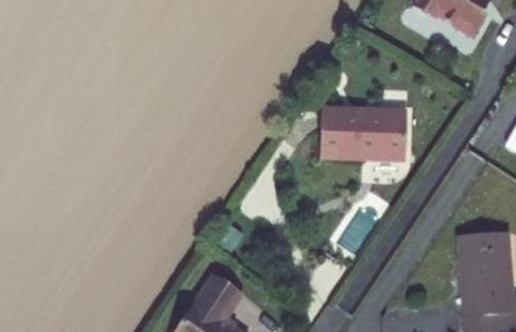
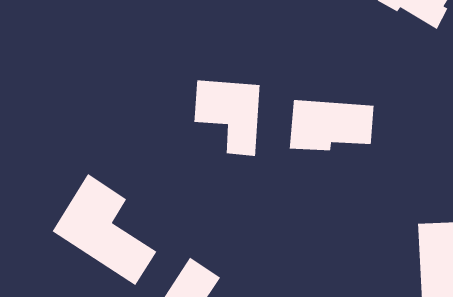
building: none -> [193,80,260,157]
building: none -> [51,173,158,286]

